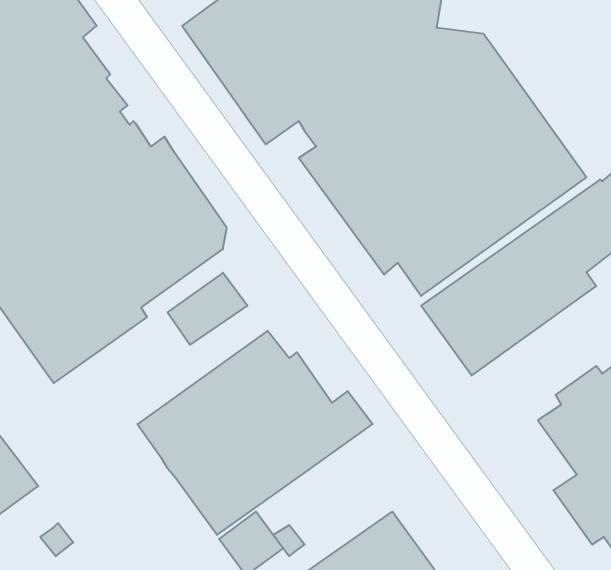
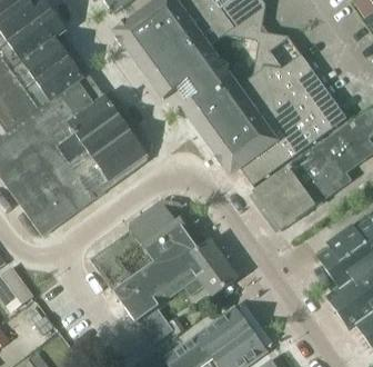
building: [168,273,247,345] -> none
building: none -> [185,258,238,296]

